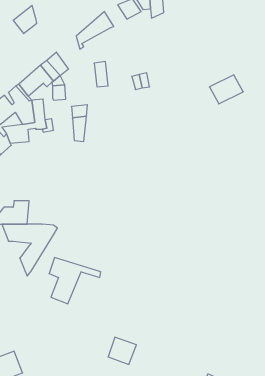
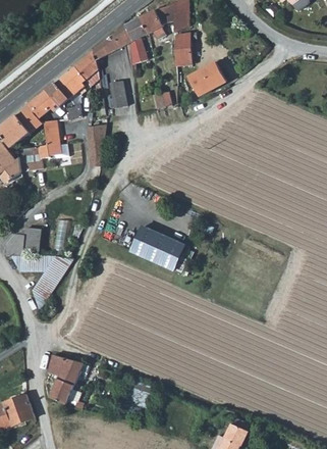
building: none -> [122,18,147,65]
building: [13,5,37,34] -> [71,52,97,83]
building: none -> [174,33,190,66]
building: [209,75,243,104] -> [187,63,224,95]
building: none -> [128,227,182,270]
building: [49,258,101,304] -> [46,355,102,405]

